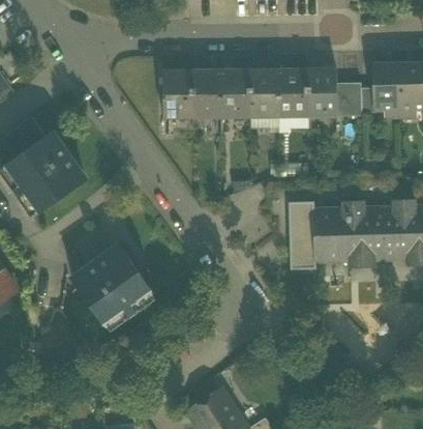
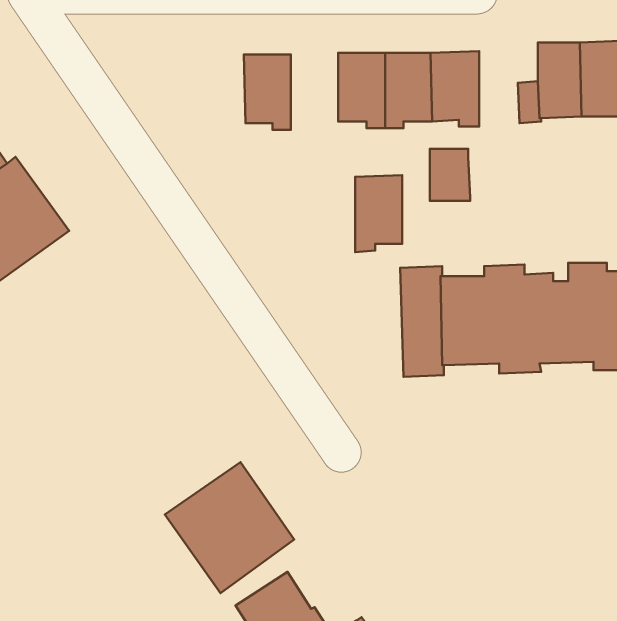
building: [221,69,250,117] -> [355,175,402,252]
building: [163,70,193,117] -> none
building: [337,83,362,115] -> [430,149,470,201]
building: [72,246,152,326] -> [165,462,294,593]

